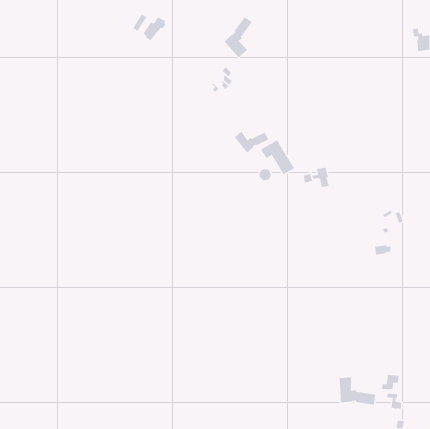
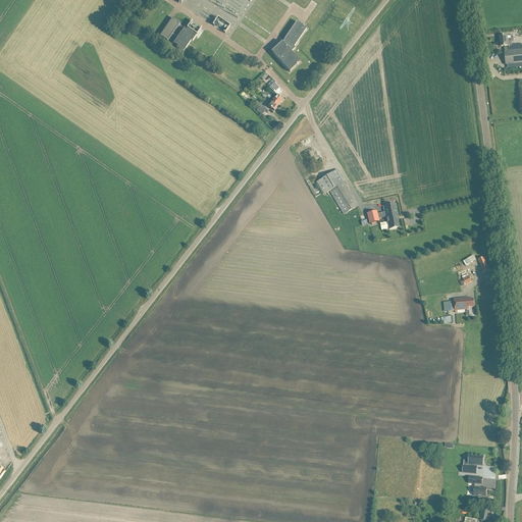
building: [234,131,269,153] -> none
building: [339,377,376,405] -> none

